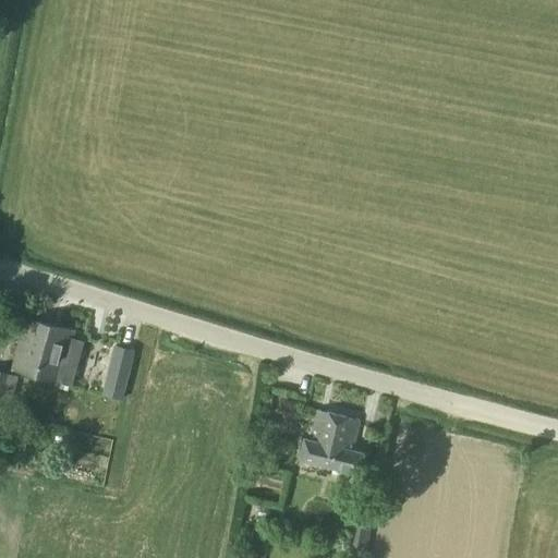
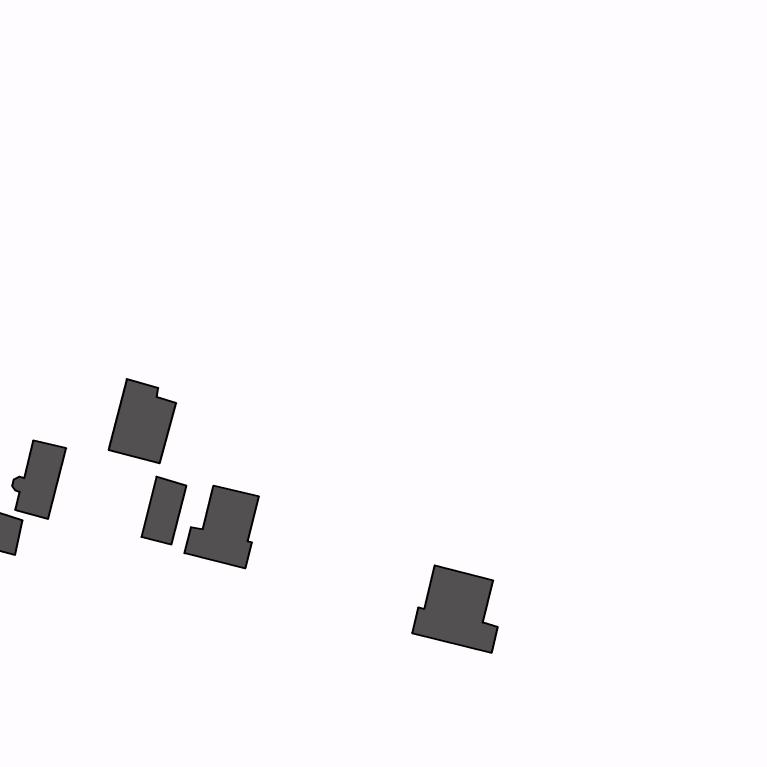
building: [35,325,84,386] -> [109,379,176,463]
building: none -> [184,486,259,568]

